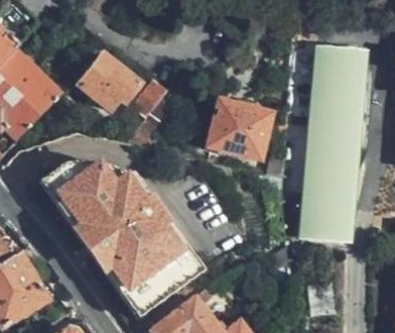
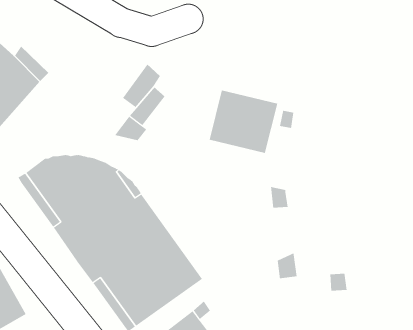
building: [301,48,363,236] -> none
building: [80,54,140,109] -> none

